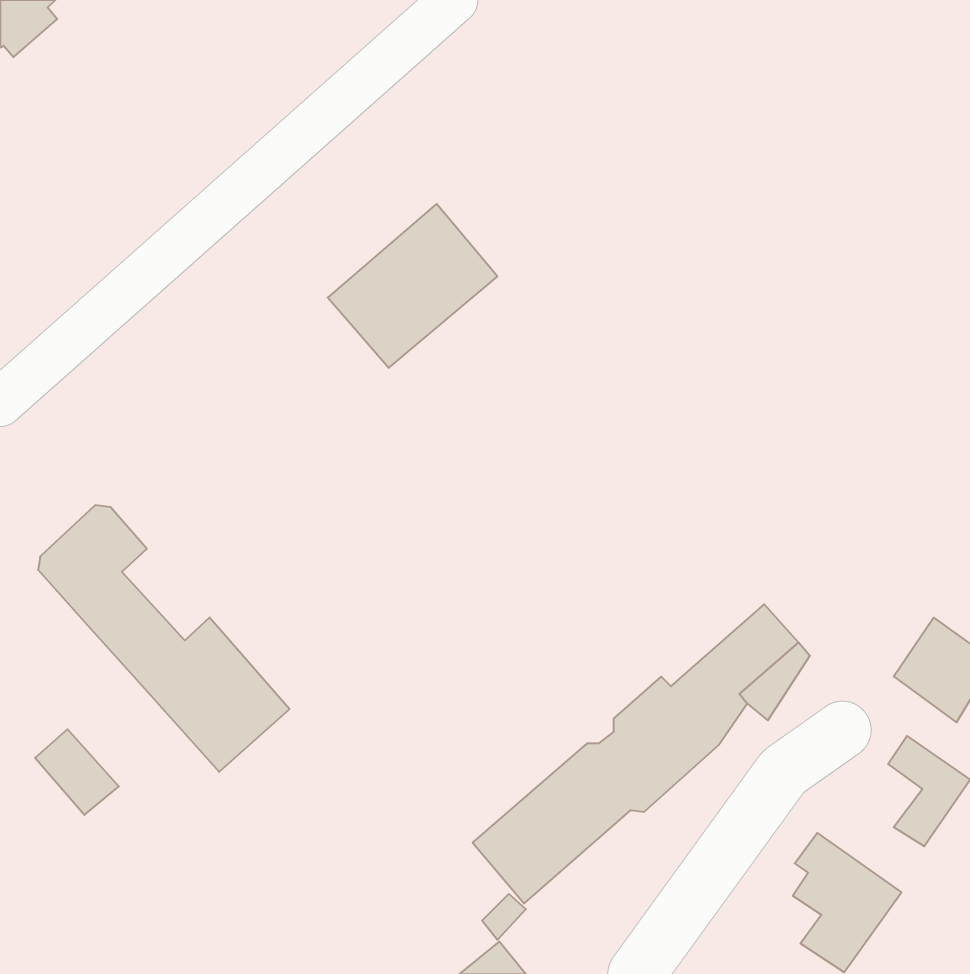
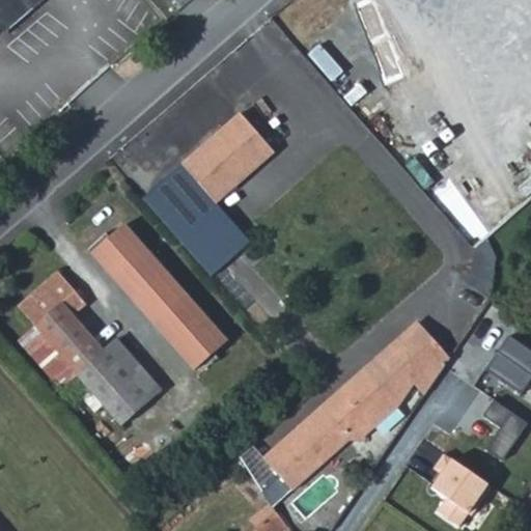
building: none -> [142,162,250,273]
building: none -> [90,224,224,369]
building: [35,729,119,815] -> [32,340,78,387]

